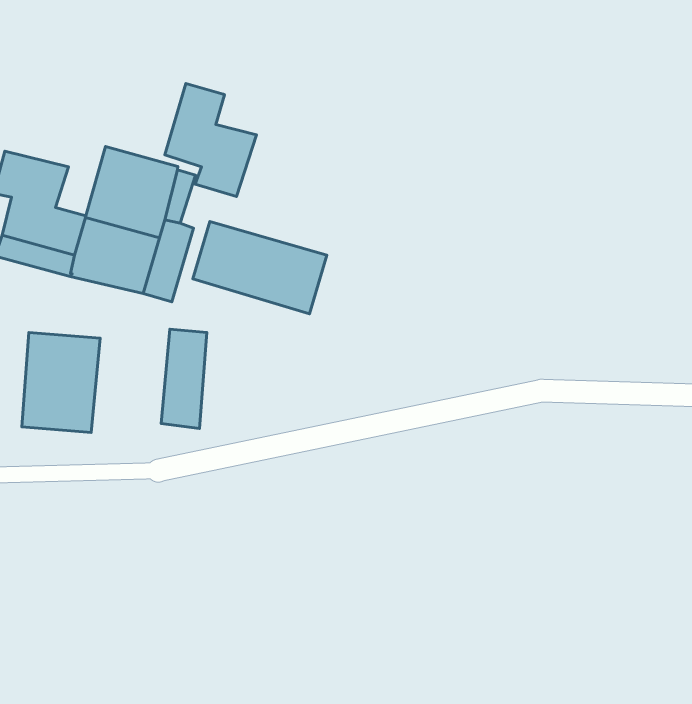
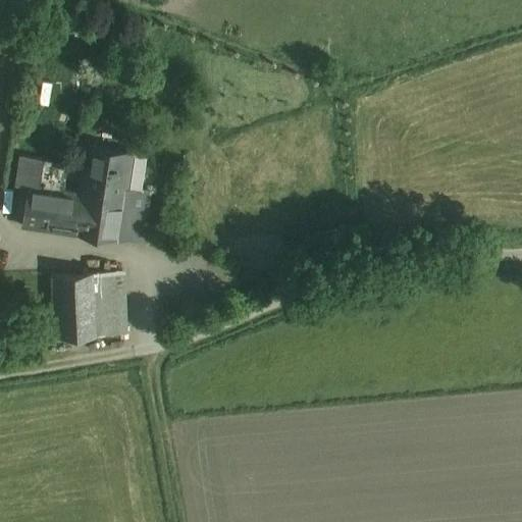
building: [165,84,256,196] -> none
building: [193,221,327,314] -> none
building: [161,329,207,428] -> [98,273,125,336]

